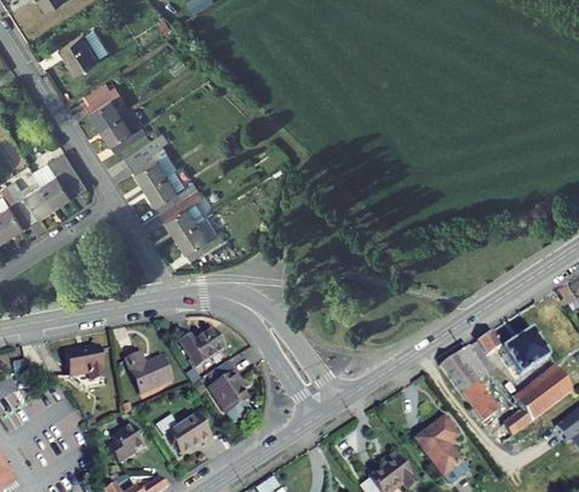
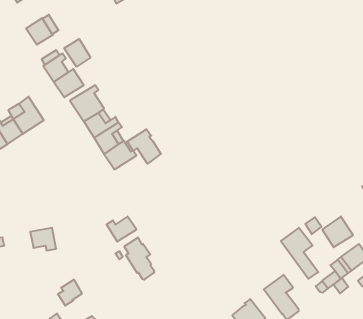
building: none -> [64,39,90,67]
building: none -> [127,129,161,164]
building: [126,354,171,394] -> none
building: [156,414,212,457] -> none

